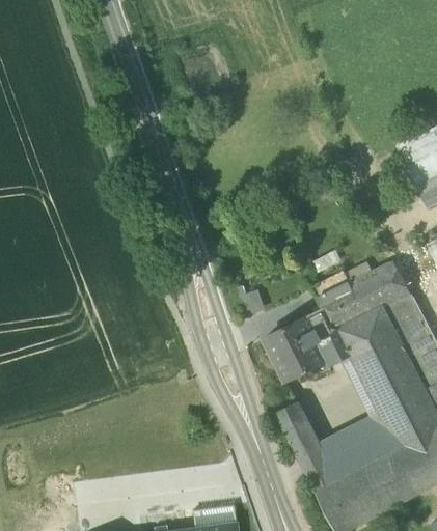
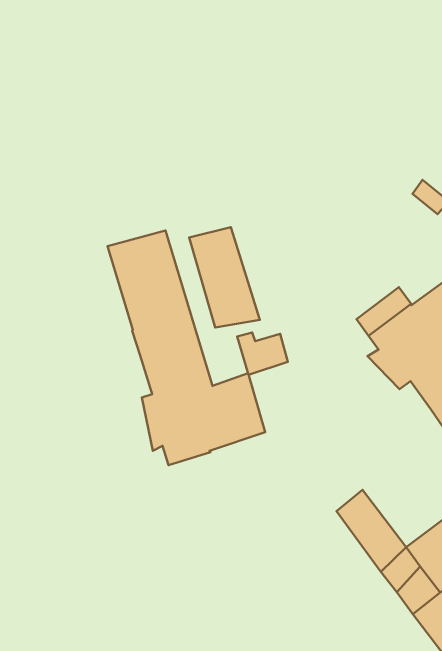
building: none -> [108,230,265,465]
building: none -> [189,227,260,327]
building: [264,314,351,381] -> none

